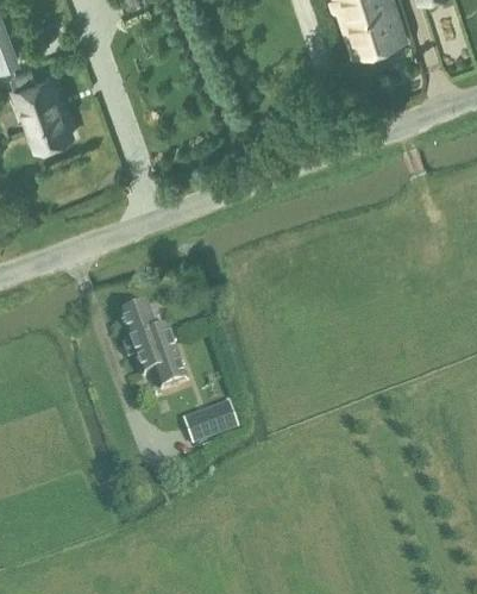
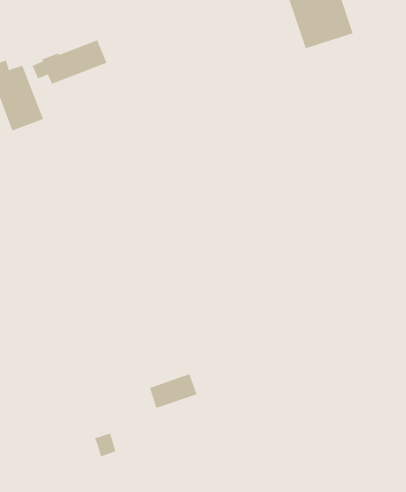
building: none -> [32,39,107,85]
building: [121,308,186,390] -> none

